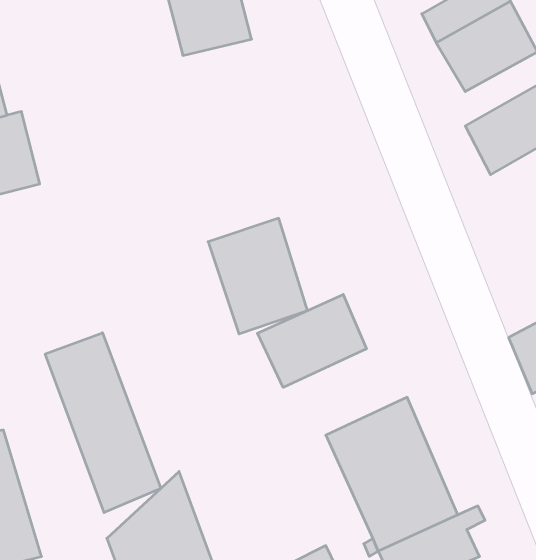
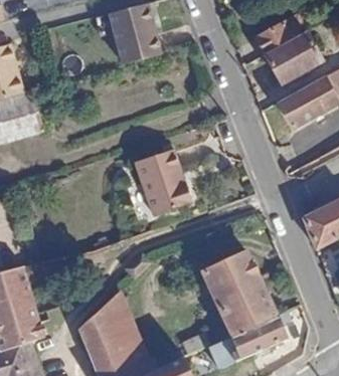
building: [257,294,366,387] -> none
building: [45,333,161,513] -> none

